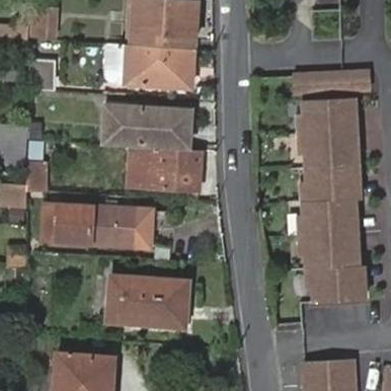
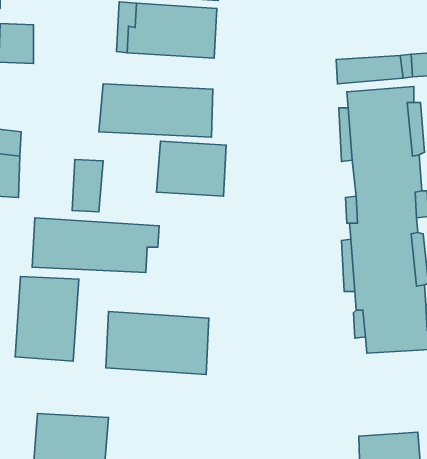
building: [130,147,153,186] -> [72,159,103,212]
building: none -> [15,277,79,361]

